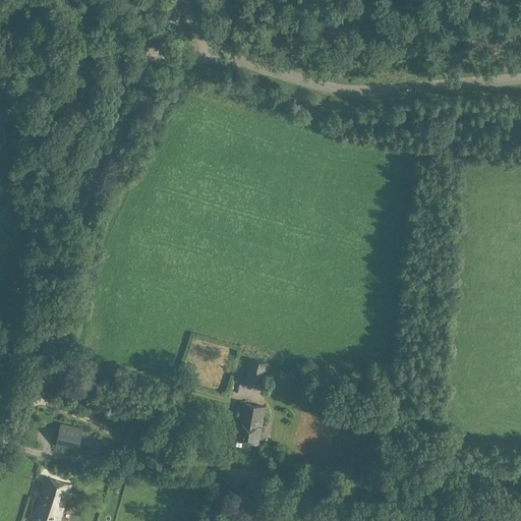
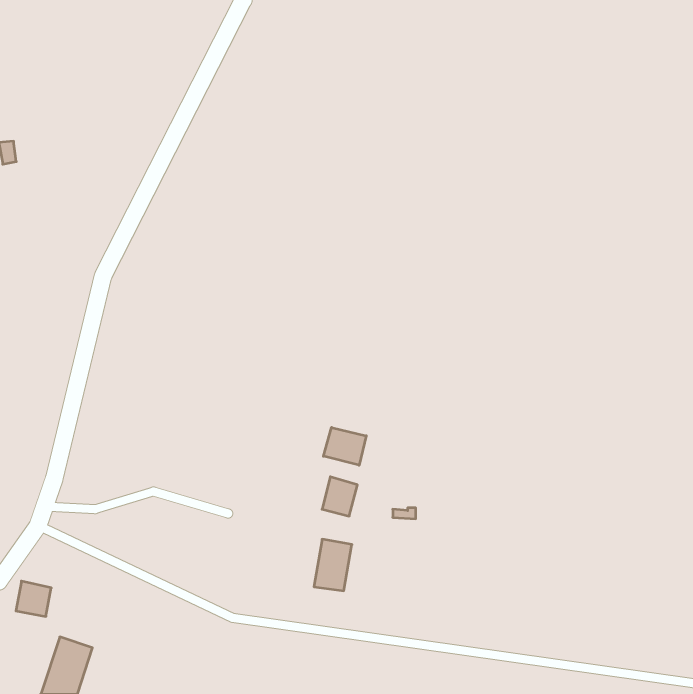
building: none -> [323,427,366,465]
building: [55,423,81,450] -> [16,581,51,616]

